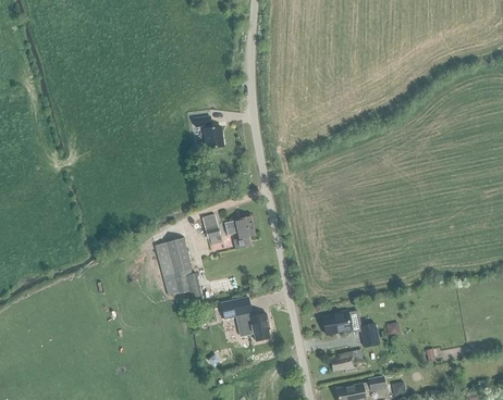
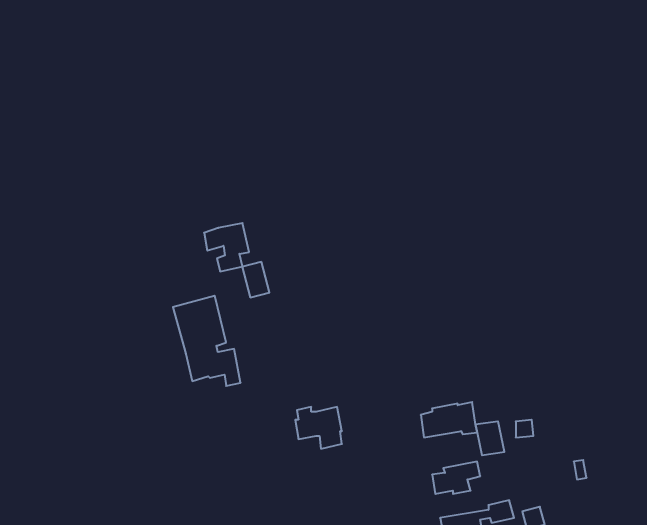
building: [194,115,223,148] -> none
building: [224,215,255,248] -> [204,223,249,271]
building: [220,296,252,317] -> none

